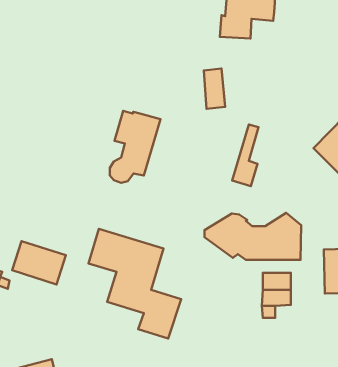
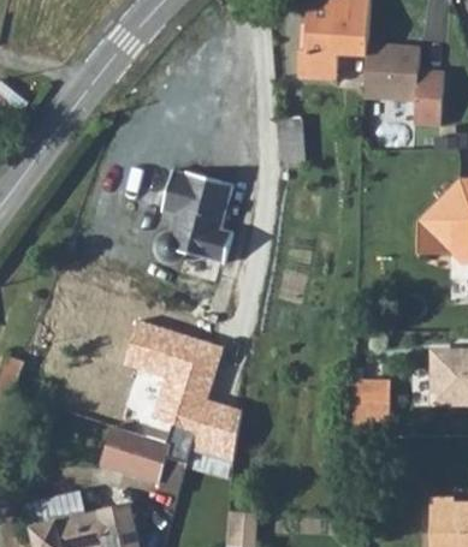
building: none -> [362,44,443,125]
building: [232,124,258,186] -> [199,182,232,261]
building: [205,213,301,260] -> none
building: [12,241,66,284] -> [100,426,168,481]

